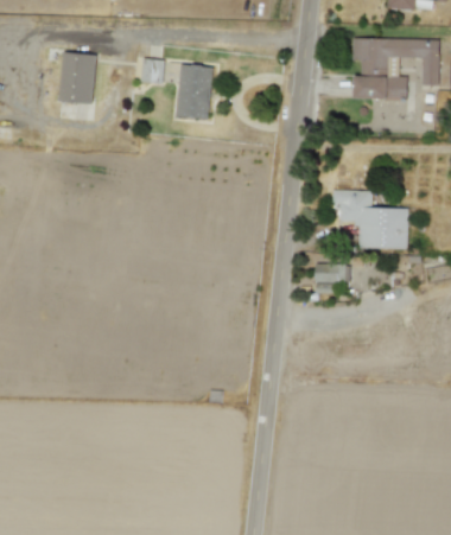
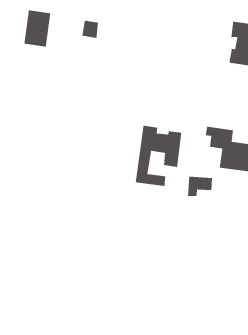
building: [176,63,214,120] -> none
building: none -> [135,125,182,187]

